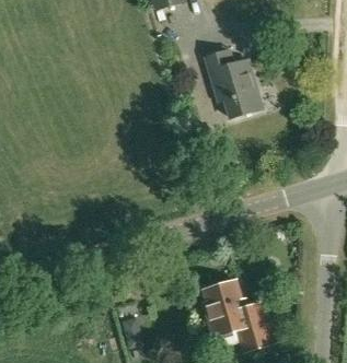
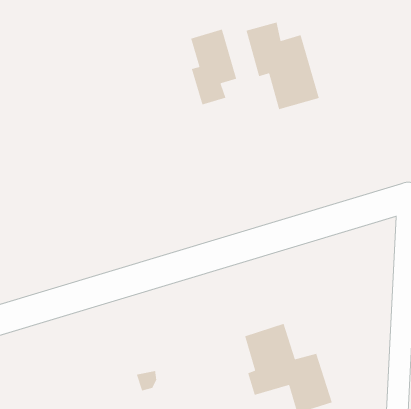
building: none -> [190,28,237,106]

